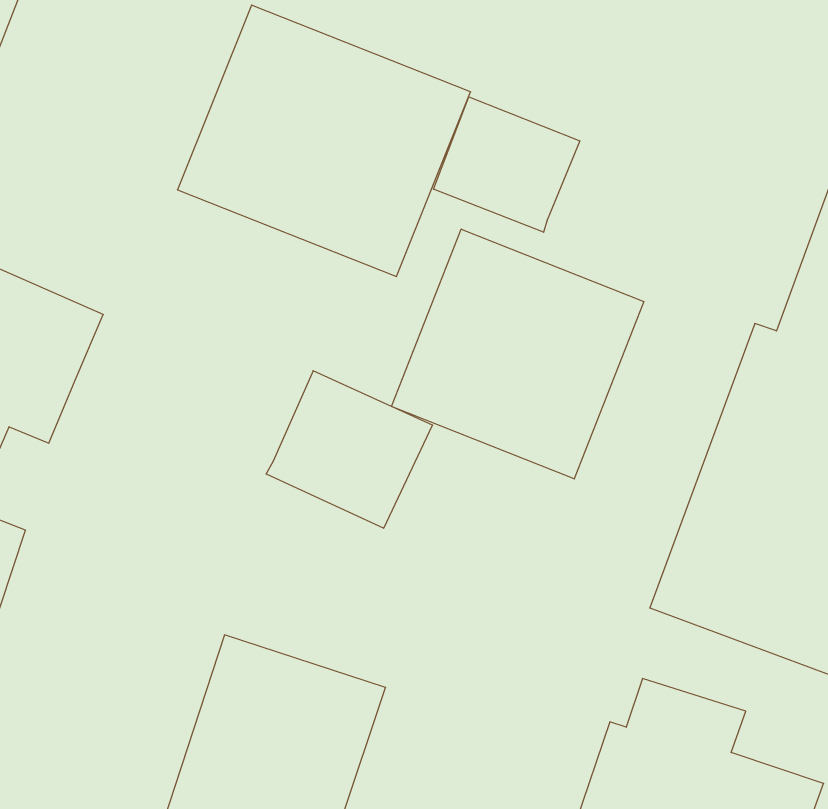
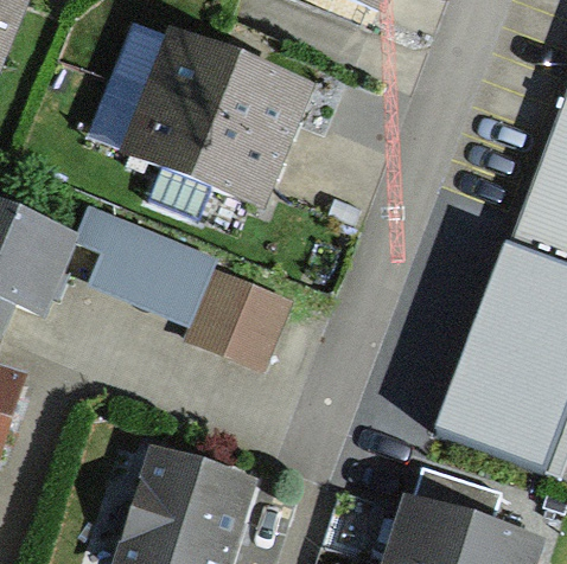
building: [434,97,580,232] -> none
building: [392,229,644,479] -> none
building: none -> [57,204,216,327]

